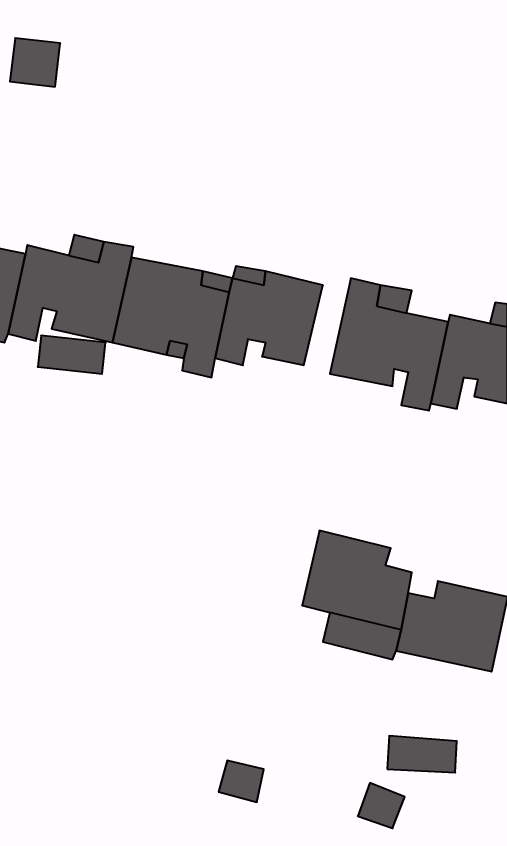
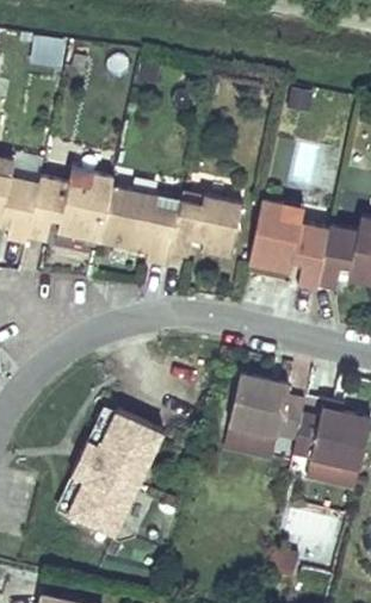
building: none -> [67,409,163,536]

